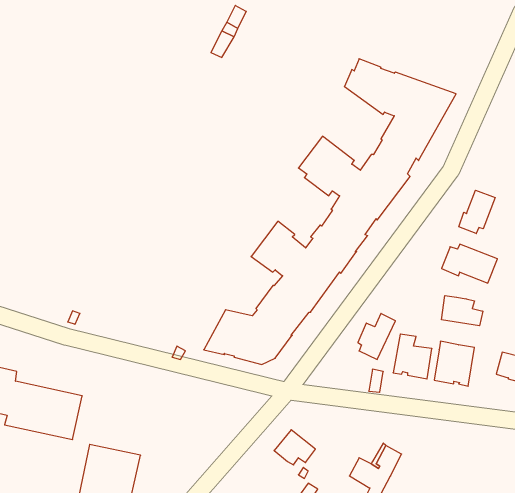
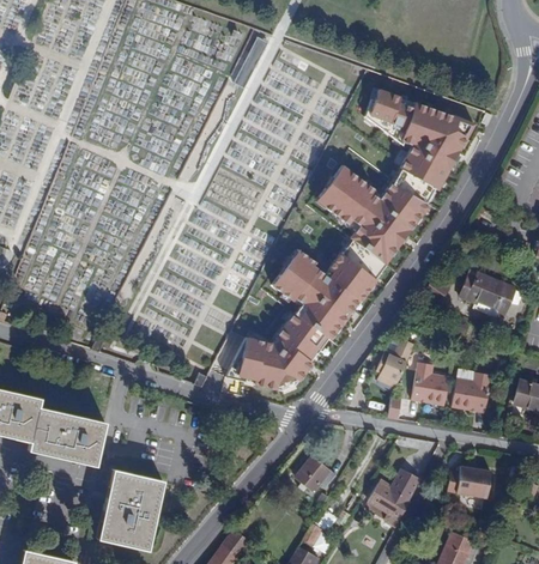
building: [459,190,495,234] -> none
building: [442,296,483,326] -> none
building: none -> [448,467,491,498]

